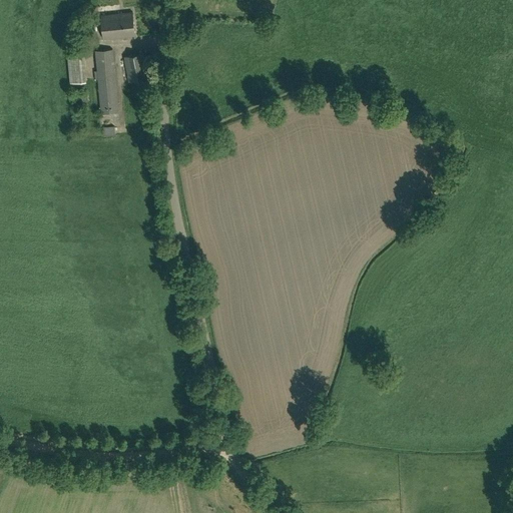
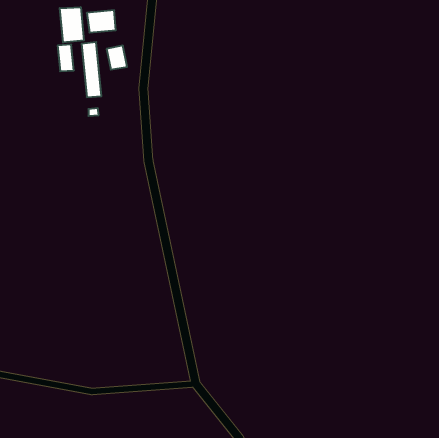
building: none -> [60,7,84,43]

